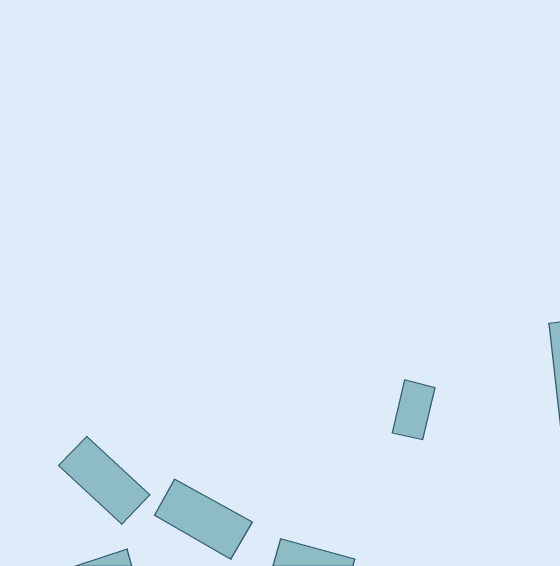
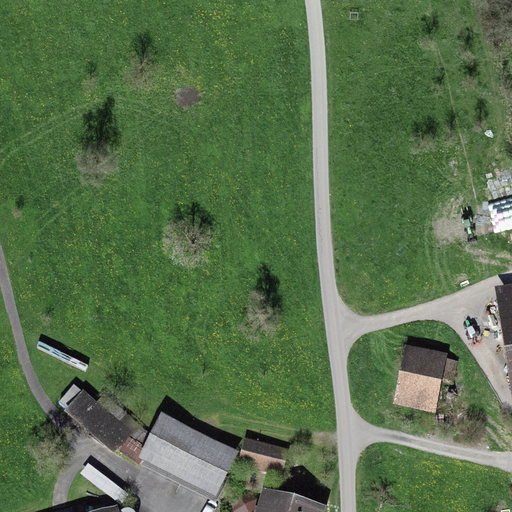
building: [392,380,435,440] -> [397,356,435,409]
building: none -> [244,442,284,471]

